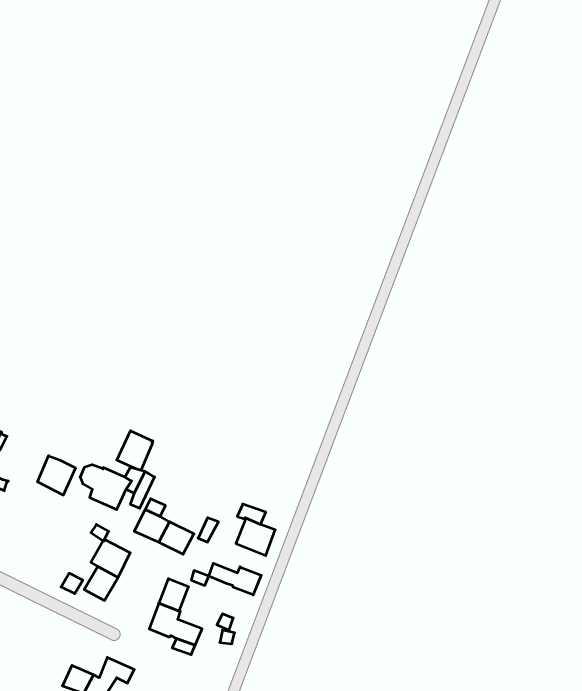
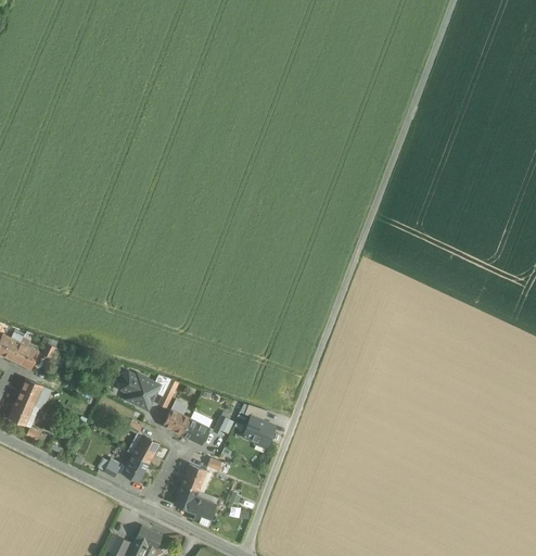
building: [117,431,153,470] -> none
building: [38,456,75,495] -> none
building: [209,563,261,595] -> none

